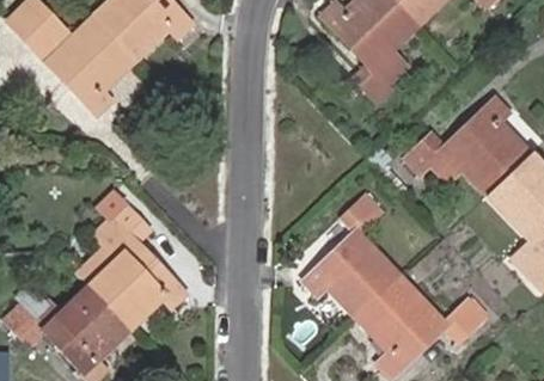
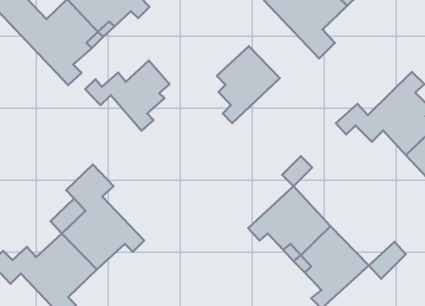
building: none -> [217,46,280,123]
building: none -> [85,61,169,131]

